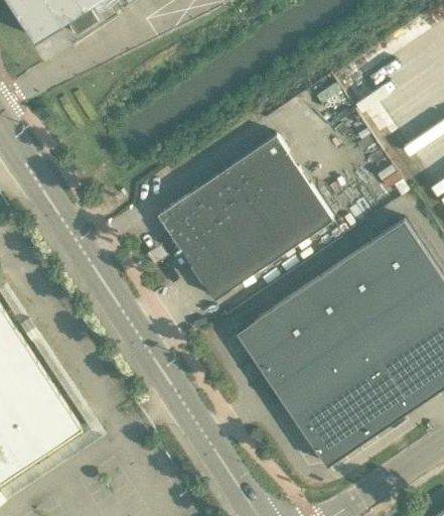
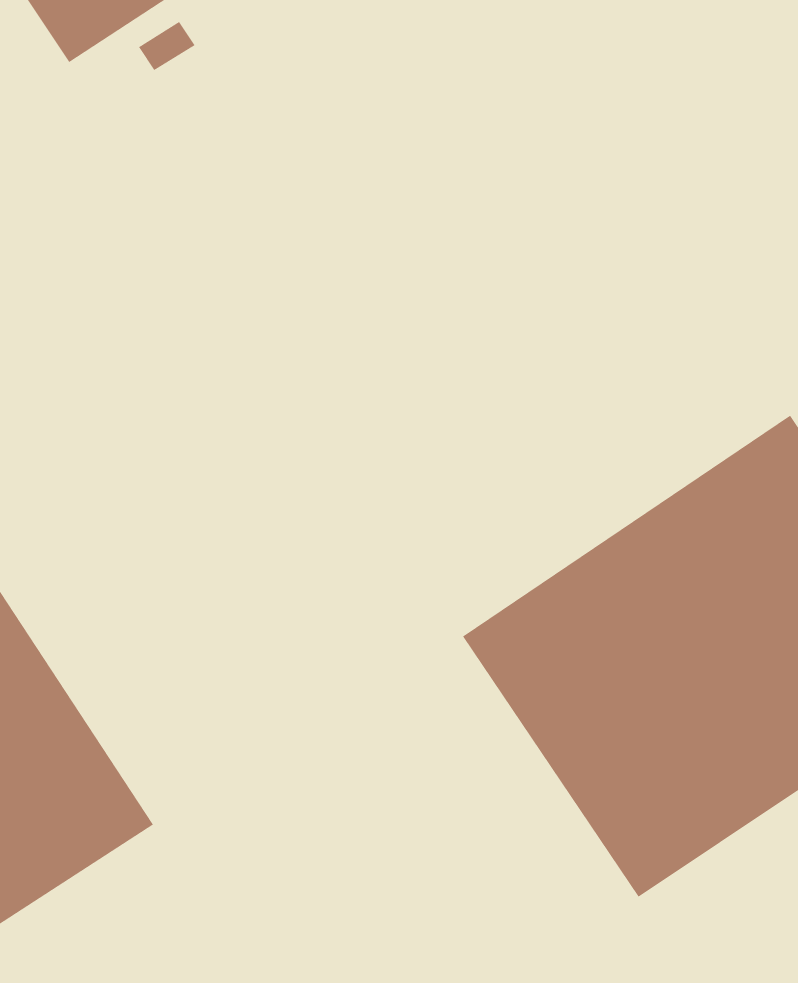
building: [157,135,332,299] -> none

